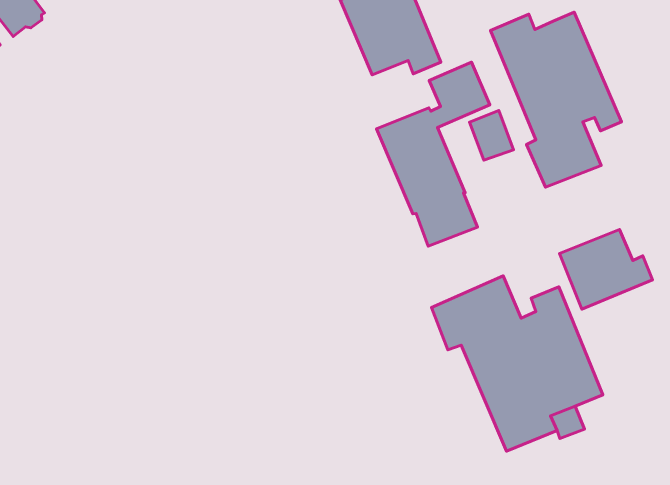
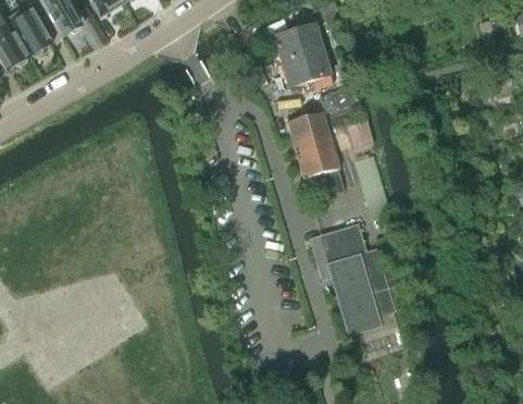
building: [491,12,621,187] -> none
building: [560,230,653,309] -> none

